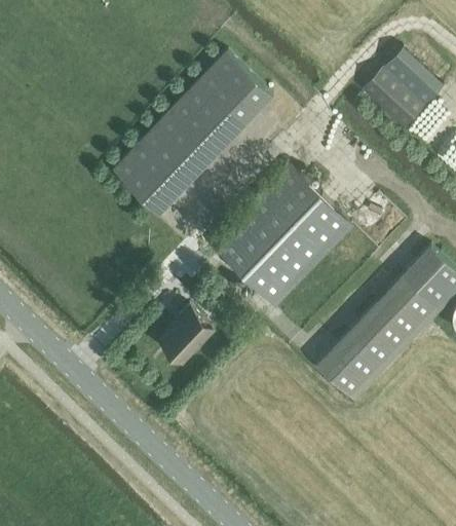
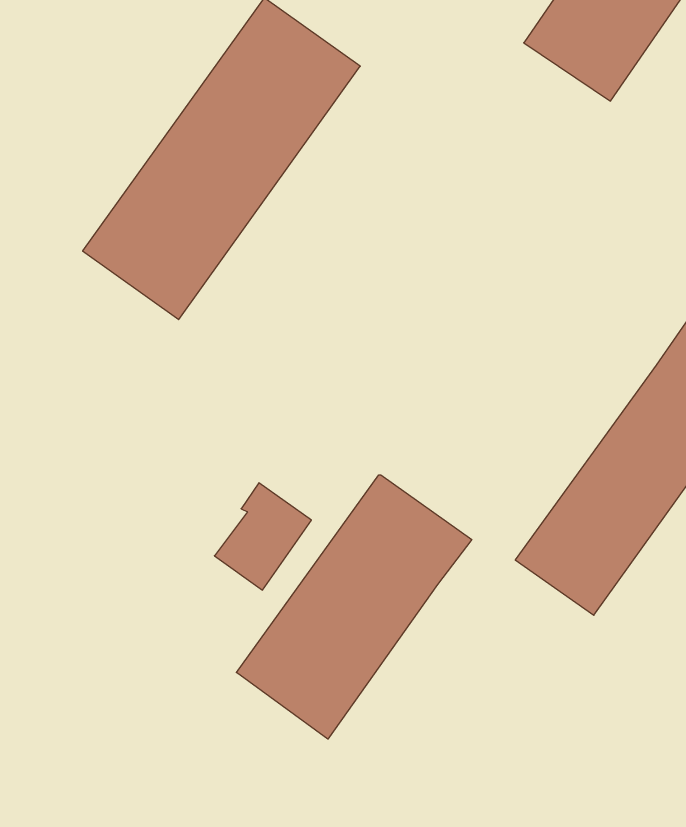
building: [212,167,350,306] -> none
building: none -> [236,475,472,739]

